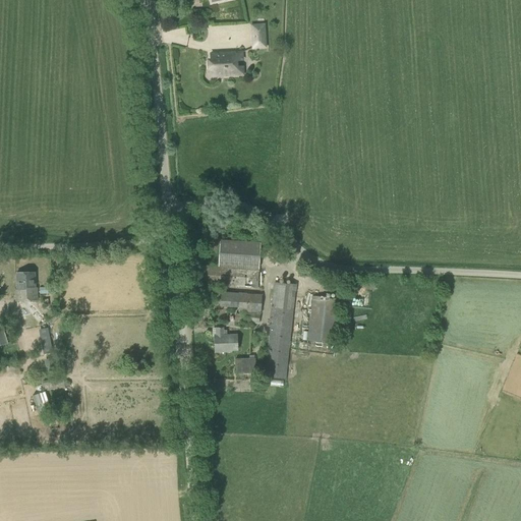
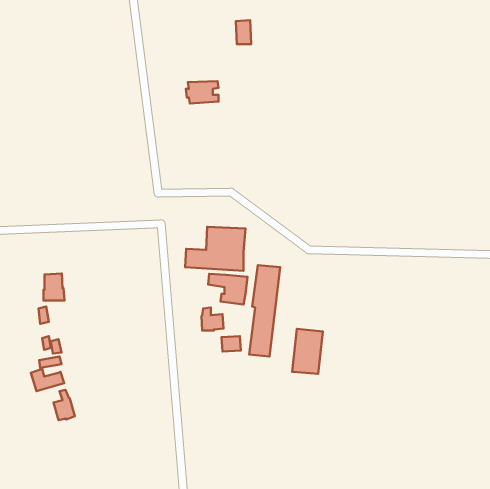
building: [208,51,242,74] -> [186,81,218,103]
building: [15,271,38,299] -> [43,274,65,301]
building: [307,294,340,342] -> [292,329,323,374]
building: none -> [54,390,75,420]

